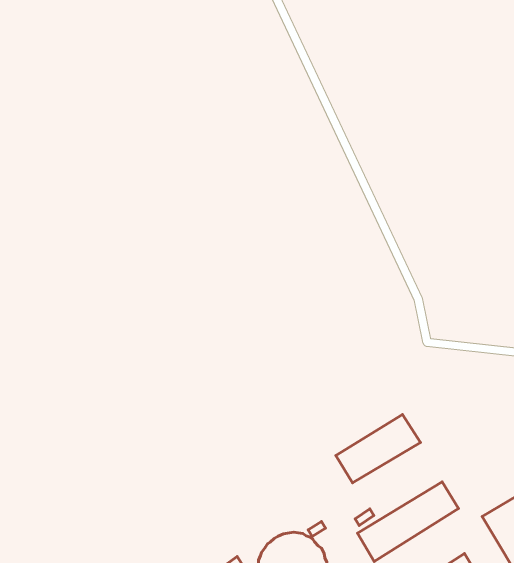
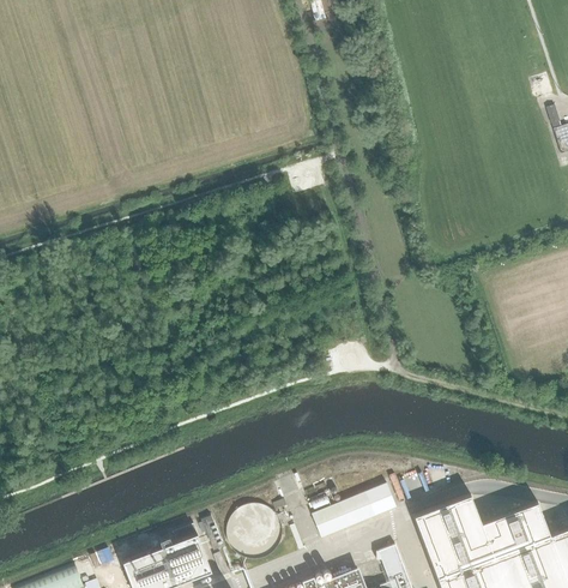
building: [336,414,420,483] -> none

